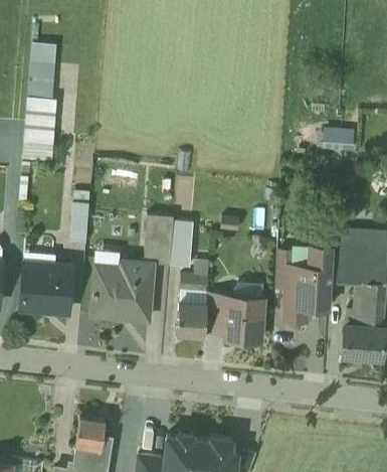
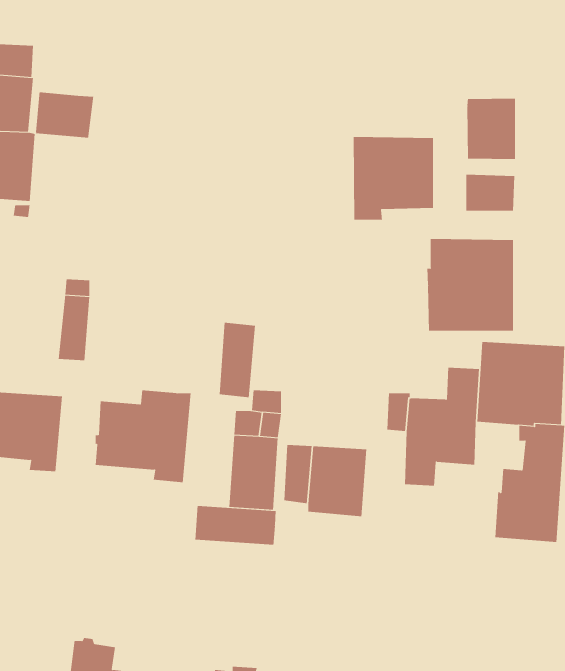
building: none -> [35,92,94,138]
building: none -> [467,98,516,160]
building: none -> [353,136,434,221]
building: none -> [427,238,513,332]
building: [144,214,173,264] -> none
building: none -> [195,505,276,545]

